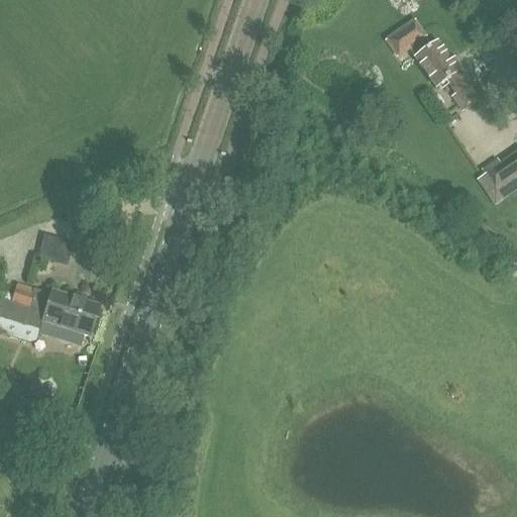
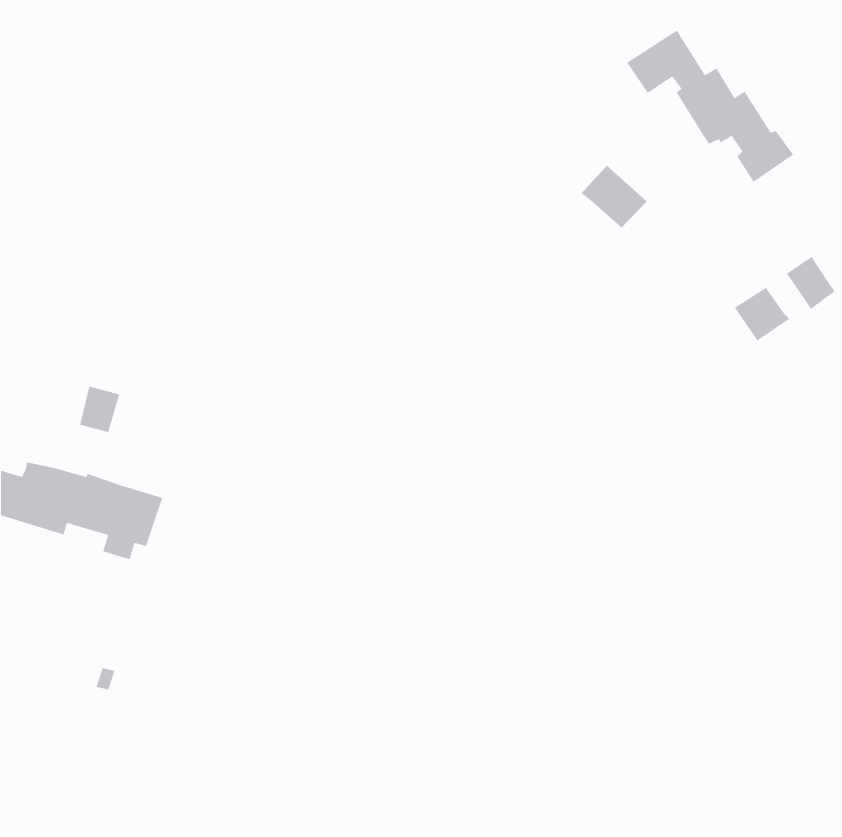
building: none -> [580,165,648,228]
building: none -> [734,287,790,342]

